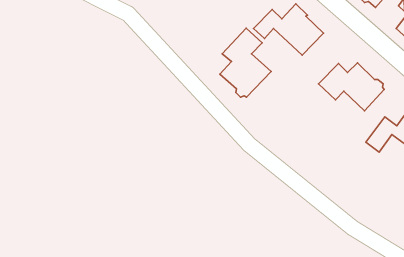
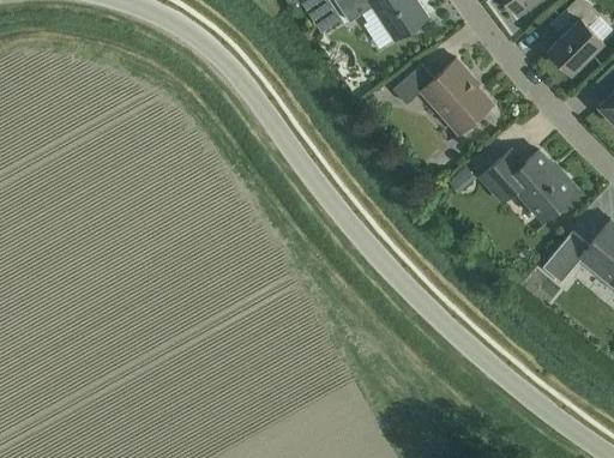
building: [220,28,271,97] -> none

